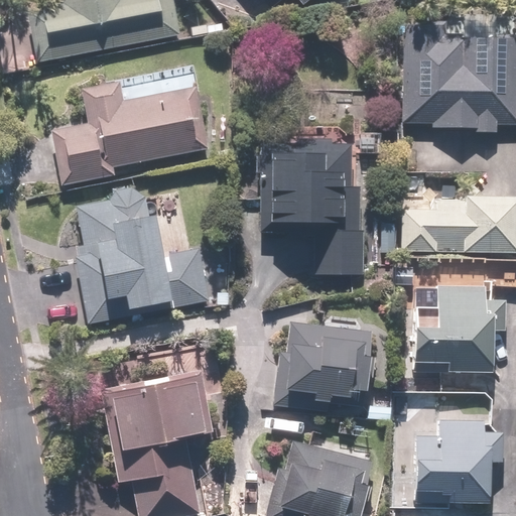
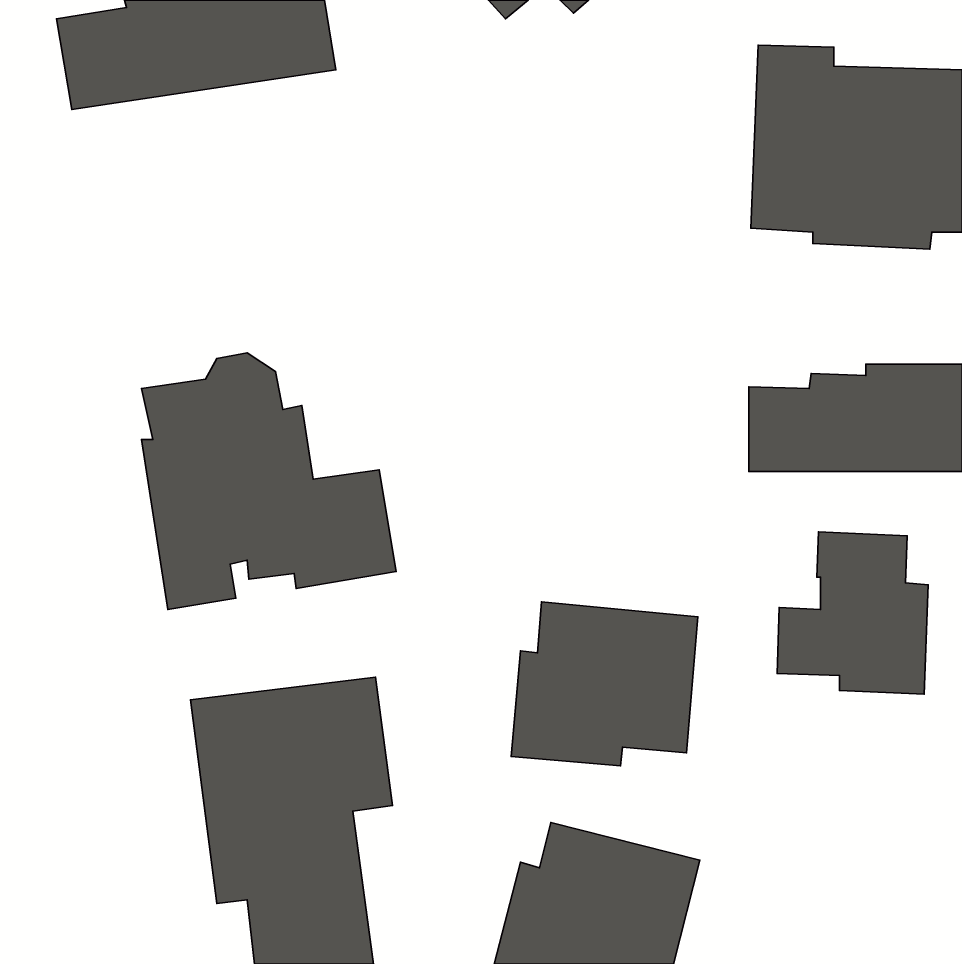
building: [54,86,208,185] -> none
building: [260,141,363,274] -> none
building: [412,417,503,508] -> none

